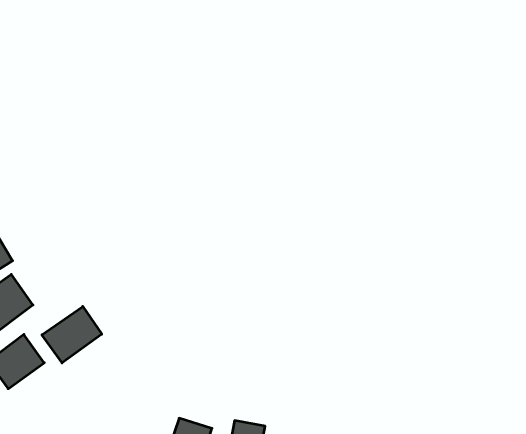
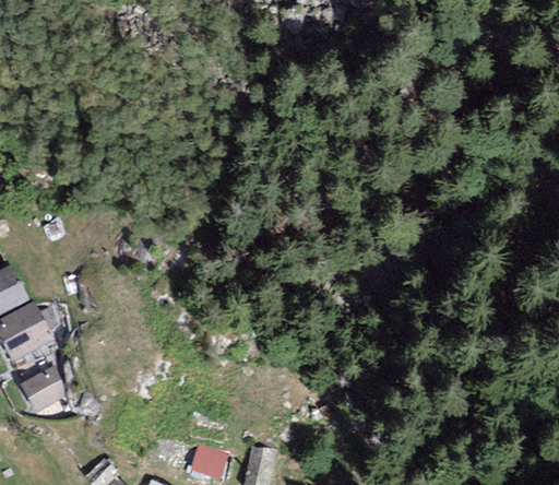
building: [42,306,102,363] -> none

